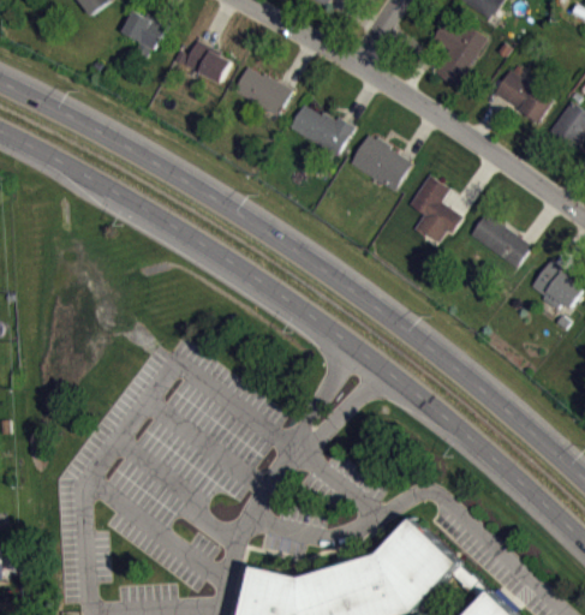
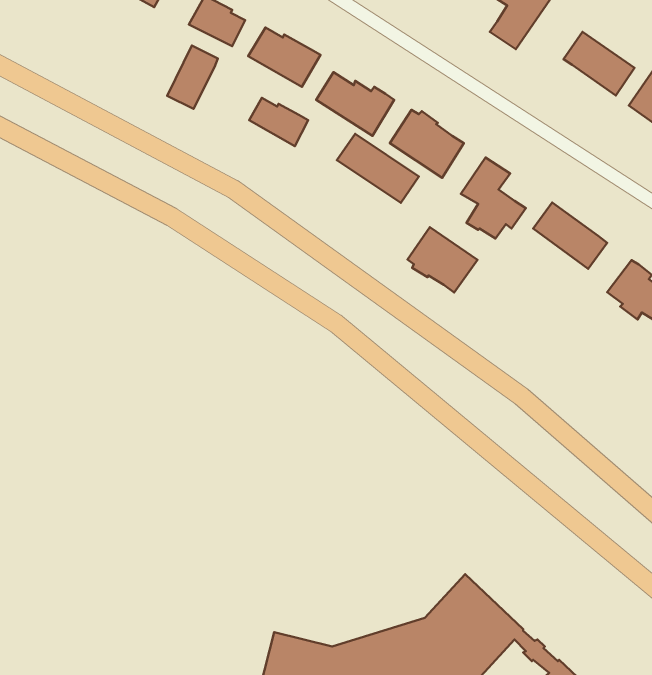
building: none -> [167,45,218,109]
building: none -> [249,98,308,146]
building: none -> [337,134,419,203]
building: none -> [408,227,478,292]

